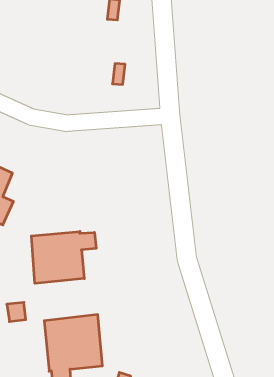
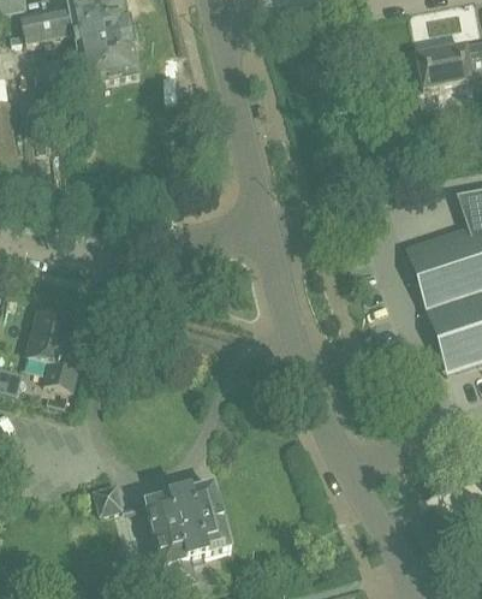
building: [31,231,96,283] -> none

